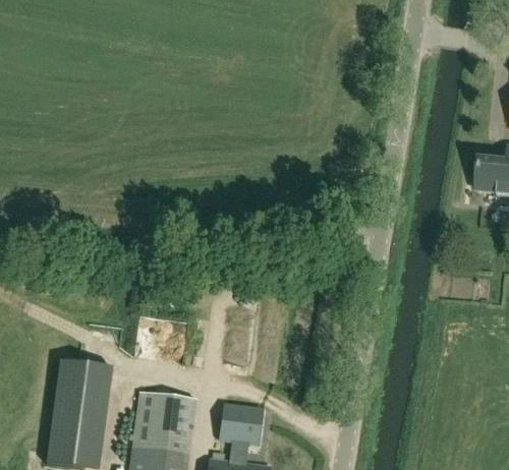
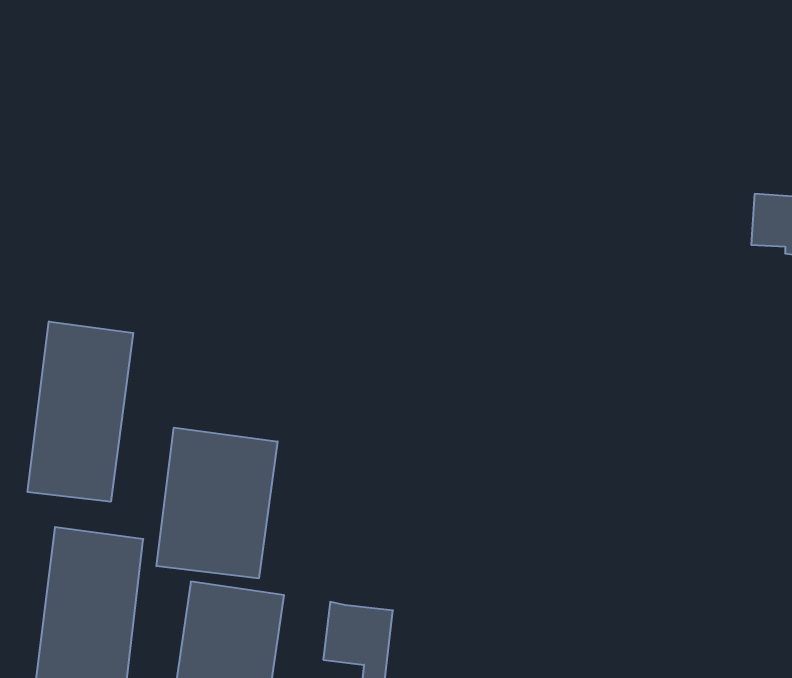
building: none -> [28,321,133,502]
building: none -> [157,428,278,578]

